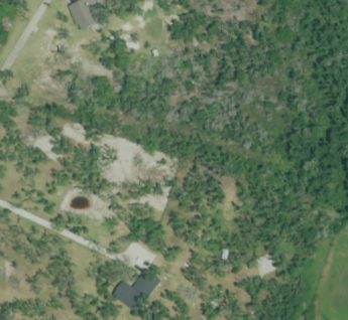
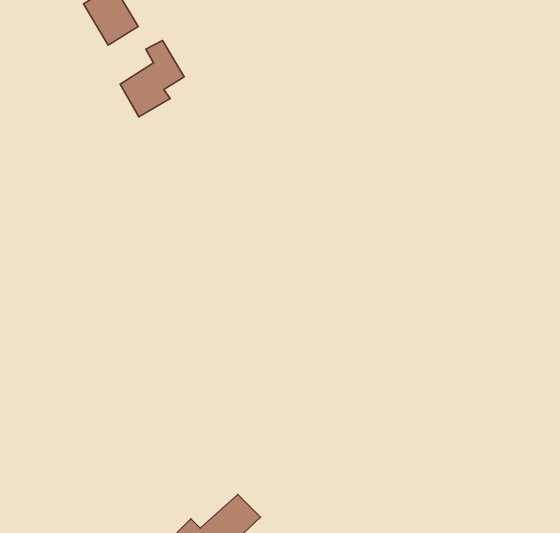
building: none -> [120,41,184,117]

